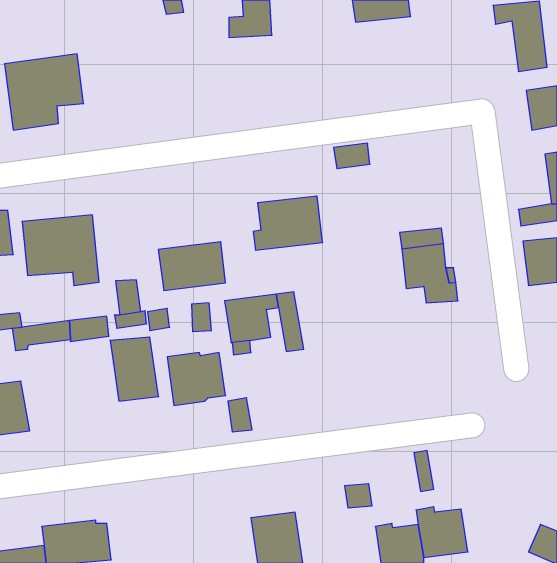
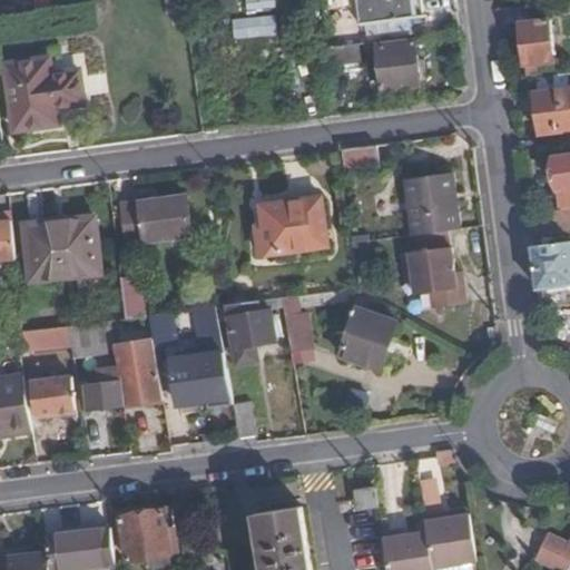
building: none -> [324,39,419,89]
building: none -> [400,158,453,220]
building: [158,242,225,290] -> [125,197,193,246]
building: none -> [340,308,396,368]
building: none -> [82,367,120,410]
building: none -> [31,381,76,416]
building: none -> [117,510,166,561]

